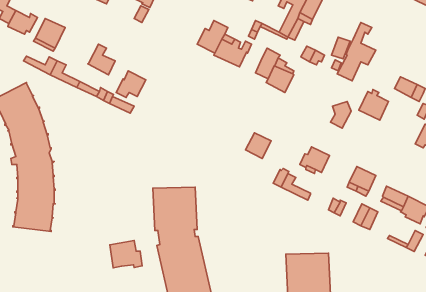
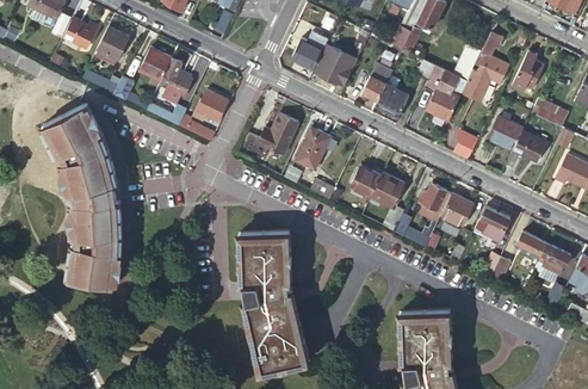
building: none -> [140,48,173,81]
building: none -> [512,51,544,93]
building: none -> [427,86,459,121]
building: none -> [259,115,298,154]
building: none -> [295,128,329,168]
building: none -> [513,130,547,162]
building: none -> [371,172,403,206]
building: none -> [441,192,472,223]
building: [110,240,142,268] -> none

